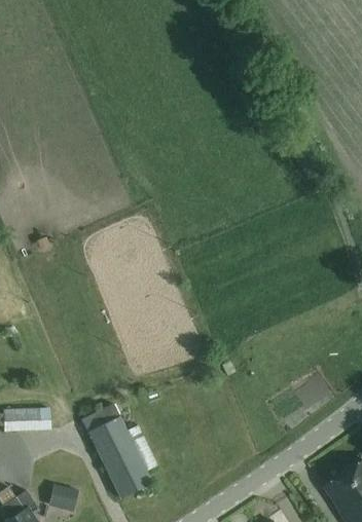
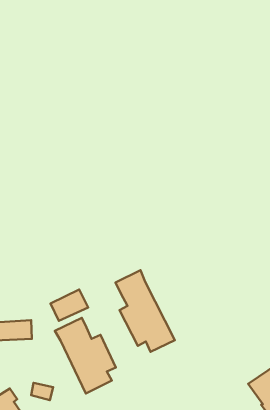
building: none -> [116,270,175,352]
building: none -> [50,289,88,321]

